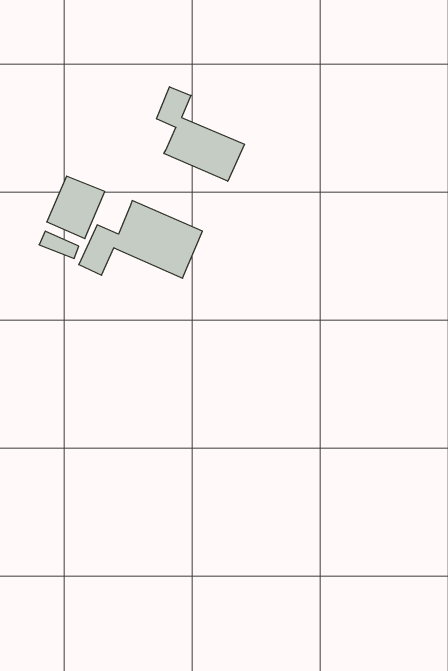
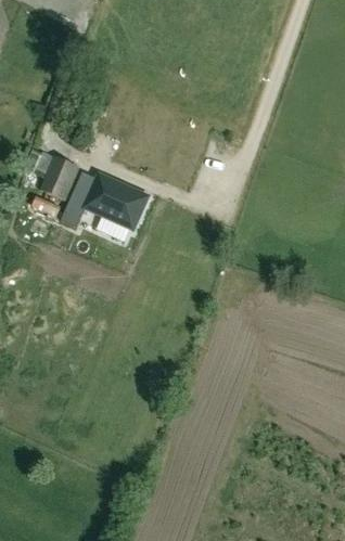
building: [157,87,245,181] -> none

